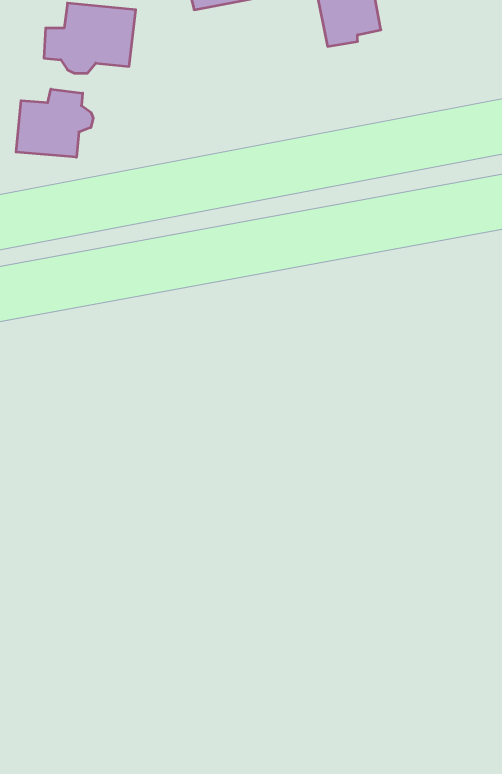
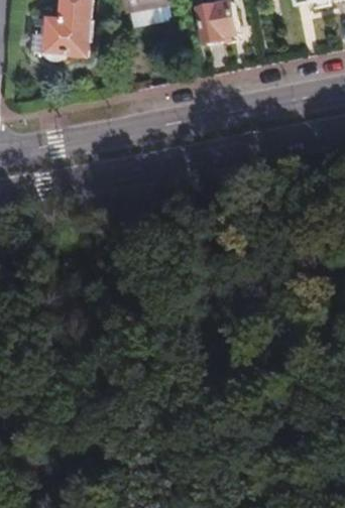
building: [16,89,93,157] -> none

